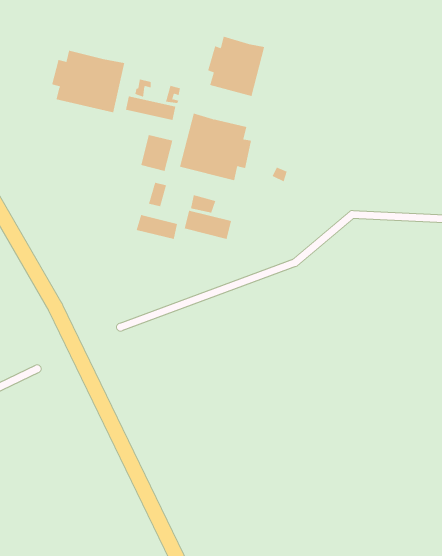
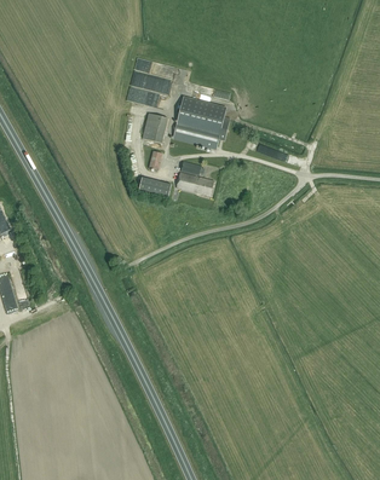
building: [207,36,265,97] -> none
building: [51,50,125,113] -> none

